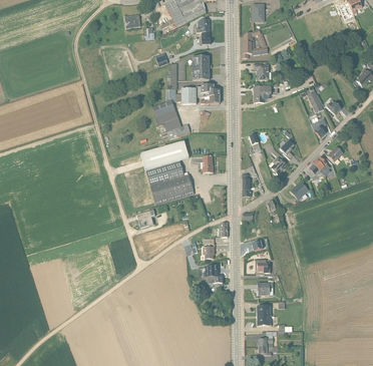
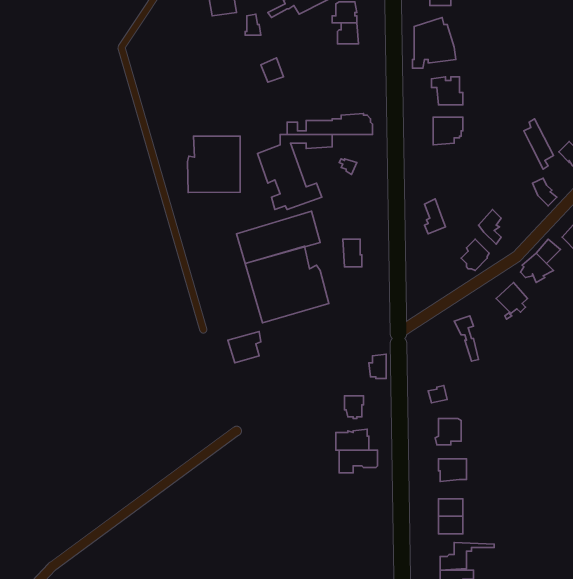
building: [192,55,212,79] -> none
building: none -> [187,136,240,193]

